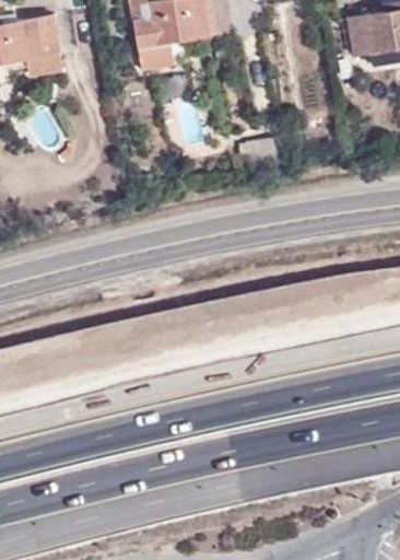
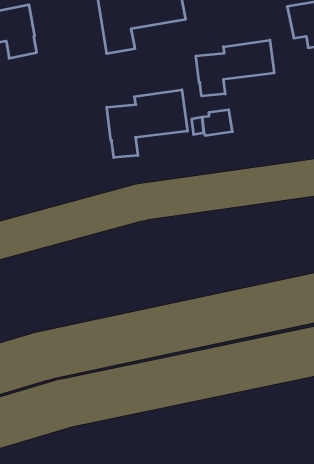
building: none -> [196,40,274,96]
building: none -> [107,90,187,158]

